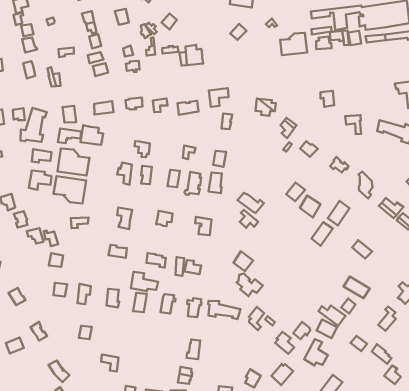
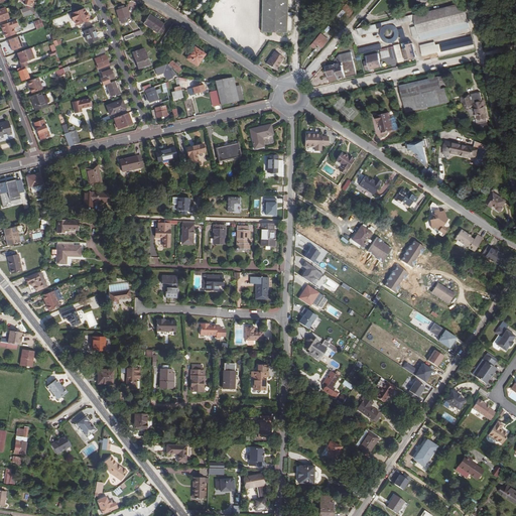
building: none -> [399,79,448,114]
building: [21,108,47,142] -> none
building: [80,125,103,145] -> none
building: [57,148,89,175] -> none
building: [53,176,86,203] -> none
building: none -> [297,283,328,310]
building: [131,272,158,291] -> none
building: [208,301,241,319] -> none
building: [304,339,328,365] -> none

